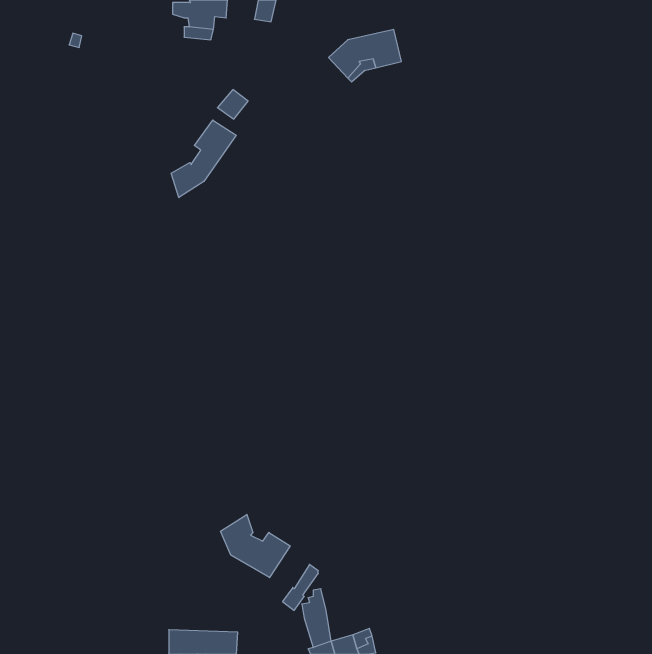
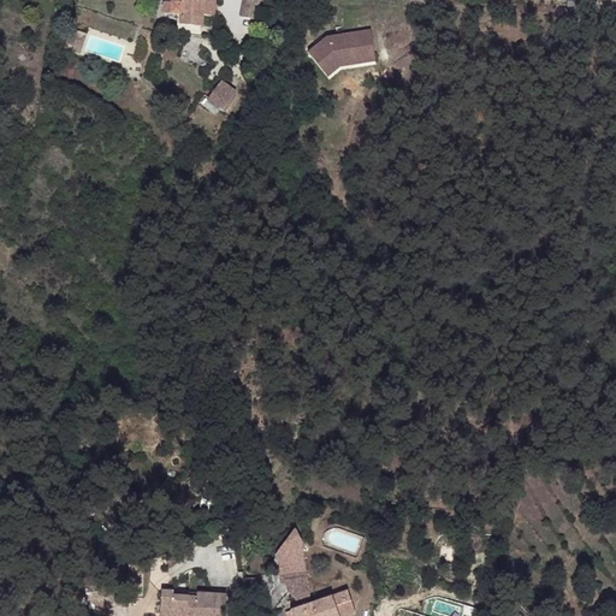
building: [171,120,236,198] -> none
building: [220,514,290,578] -> none

